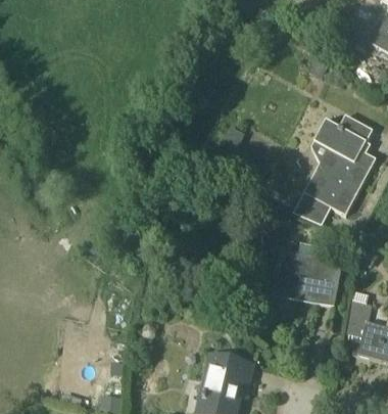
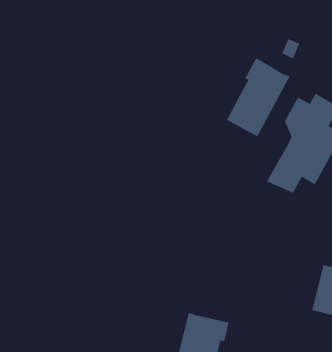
building: none -> [226,57,291,137]
building: [276,252,341,304] -> none

